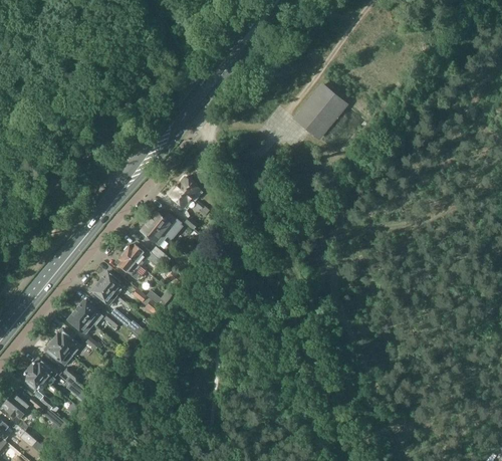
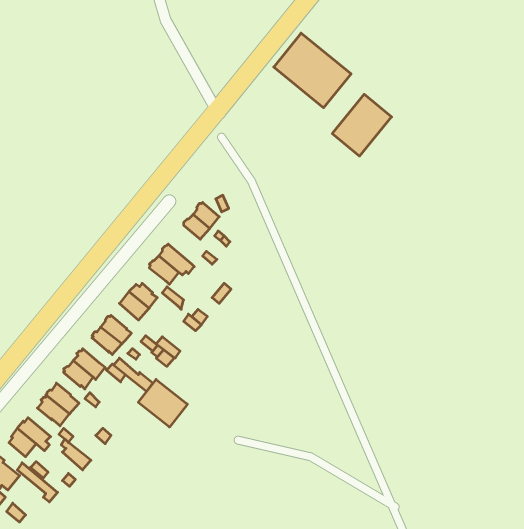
building: none -> [274,33,351,108]
building: none -> [138,379,187,427]

